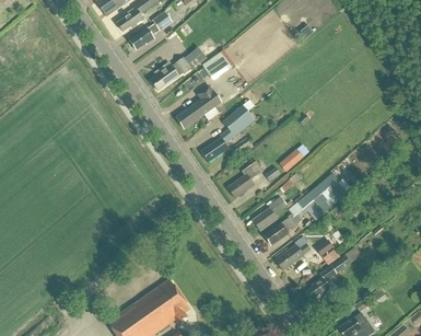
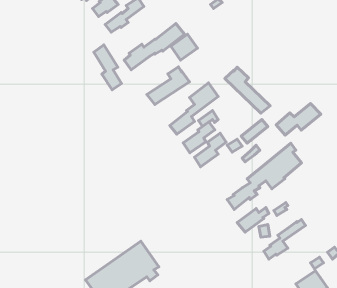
building: none -> [94,45,122,90]
building: none -> [225,67,270,113]
building: none -> [276,103,321,135]
building: [252,197,286,231] -> [183,122,215,153]

